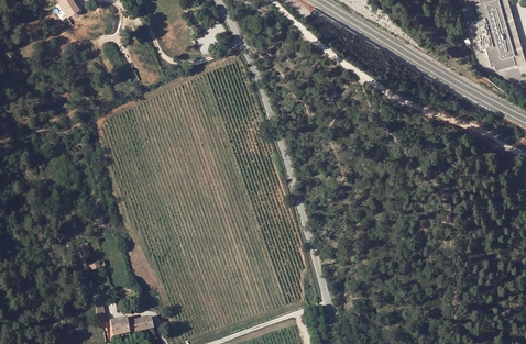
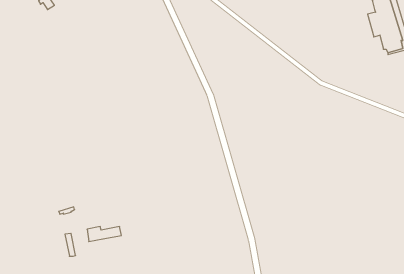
building: [110,314,153,333] -> [87,227,121,242]

